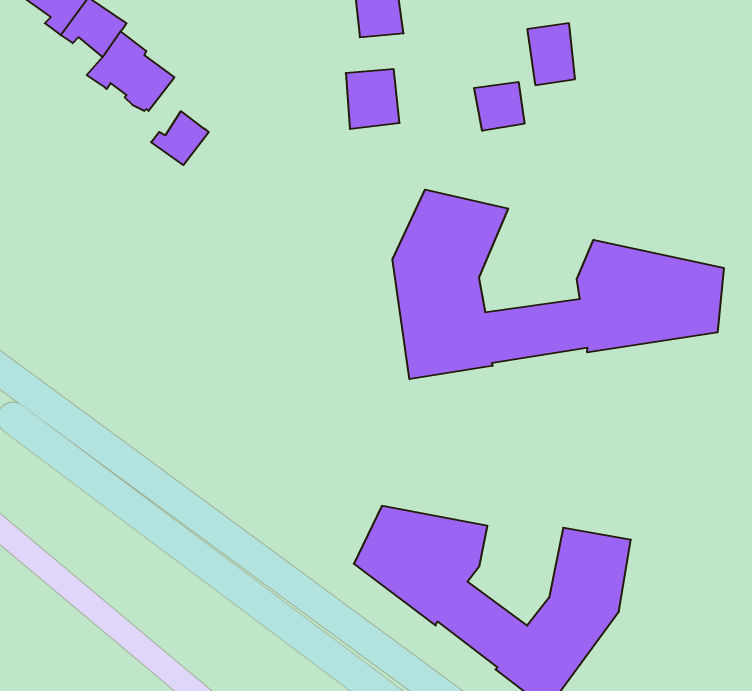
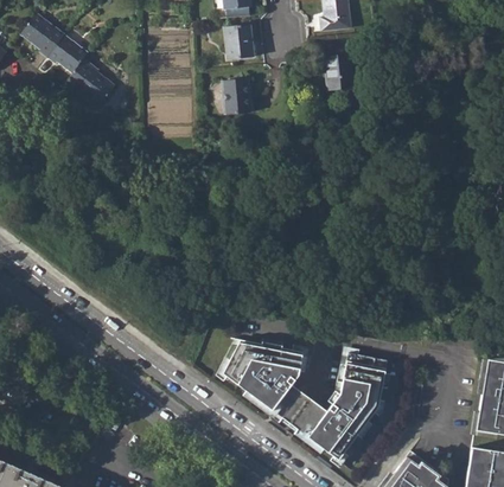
building: [474,82,524,131] -> none
building: [151,111,209,165] -> none
building: [392,190,724,379] -> none

